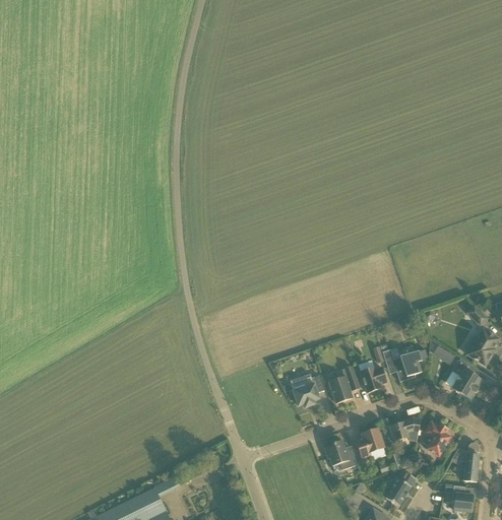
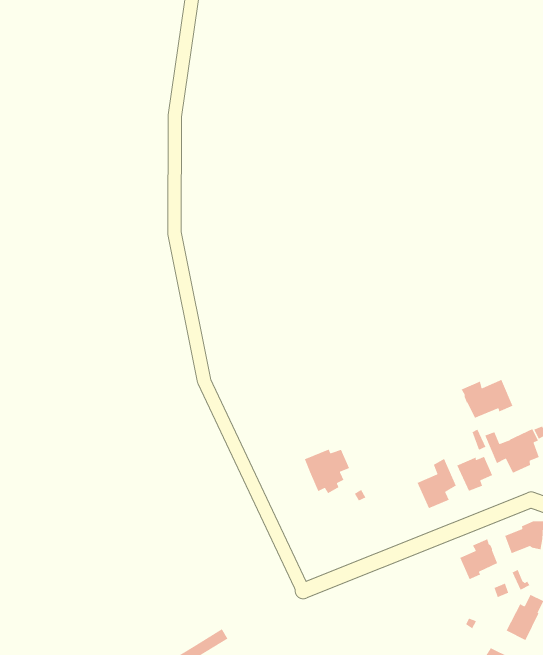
building: none -> [461,379,513,419]
building: [291,374,324,407] -> [304,448,350,494]
building: [324,440,358,469] -> none

